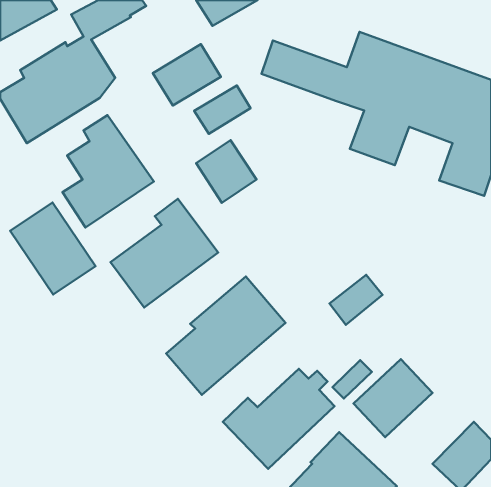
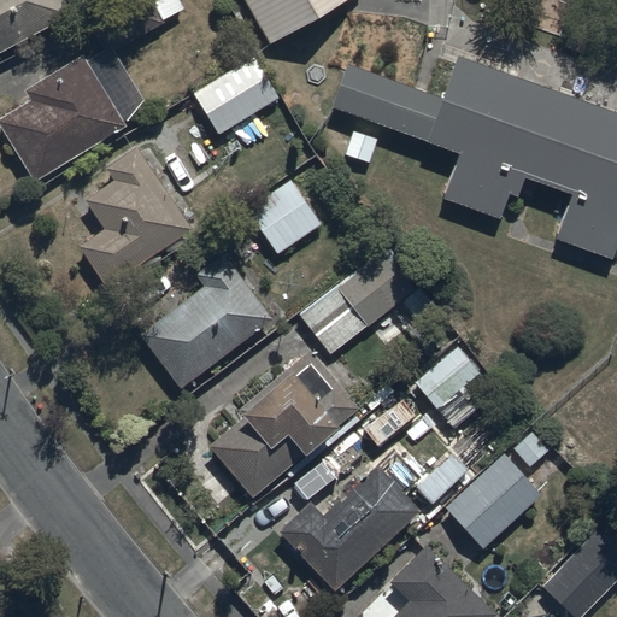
building: [194,85,251,134] -> none
building: none -> [298,255,430,358]
building: [10,202,96,295] -> none

